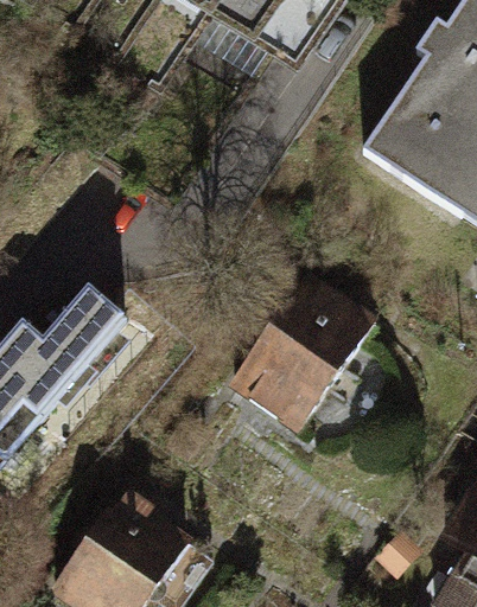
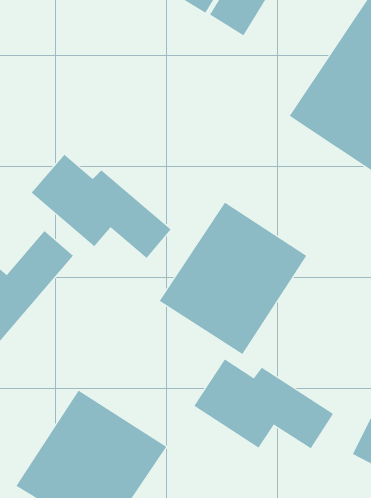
building: none -> [31,154,172,259]
building: none -> [193,359,334,449]

